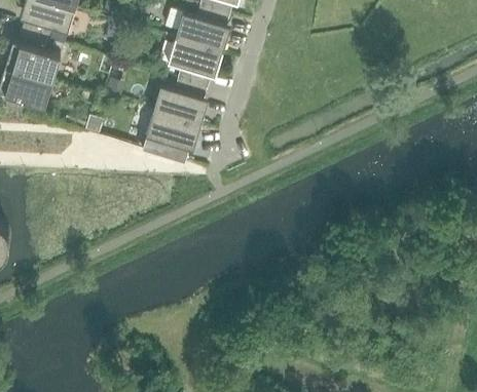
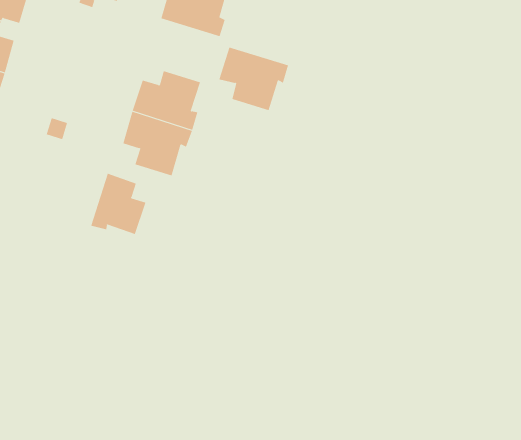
building: [168,37,223,87] -> [219,47,289,111]
building: none -> [91,173,146,235]

